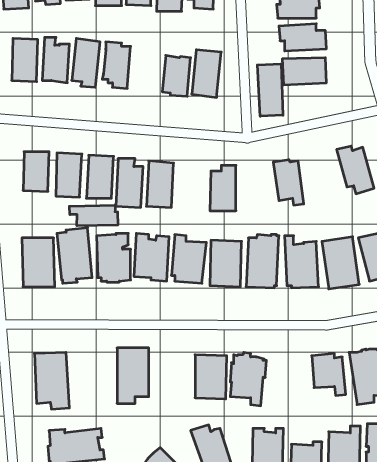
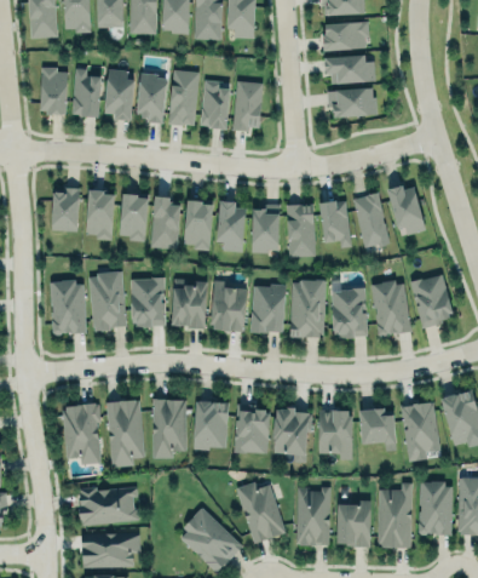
building: none -> [168,69,198,126]
building: [257,64,283,116] -> none
building: none -> [355,194,388,250]
building: none -> [217,199,247,251]
building: none -> [287,205,316,258]
building: [69,205,118,226] -> none
building: none -> [194,399,229,450]
building: none -> [106,401,144,468]
building: none -> [319,407,353,459]

